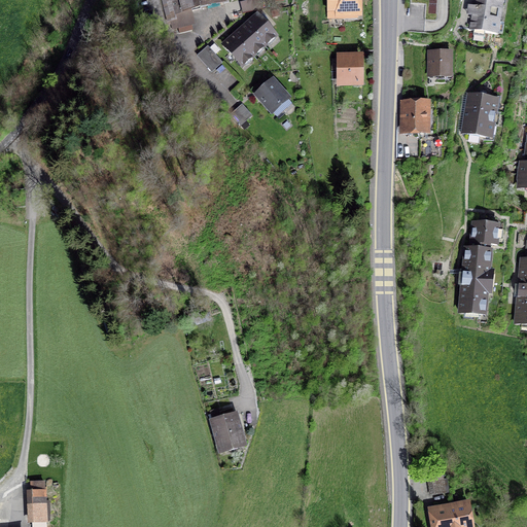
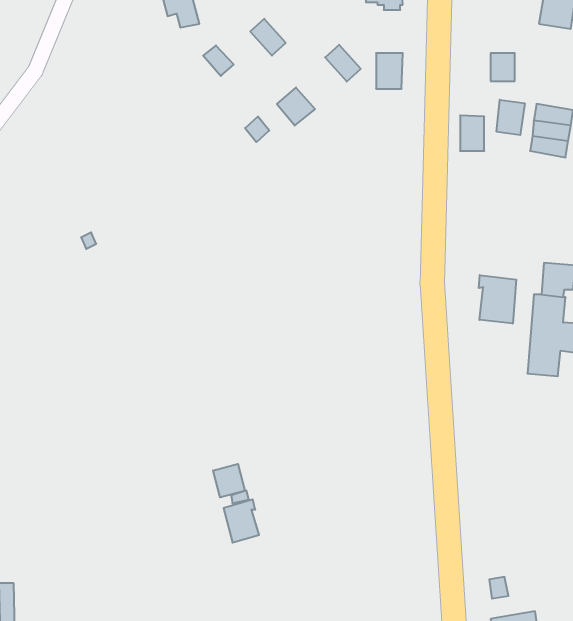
building: [247,13,276,43] -> [325,45,361,82]
building: [224,34,253,64] -> none
building: none -> [497,100,525,135]
building: none -> [479,275,516,324]
building: none -> [213,464,245,497]

